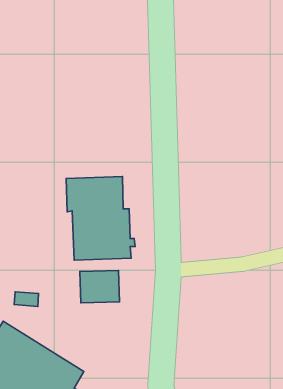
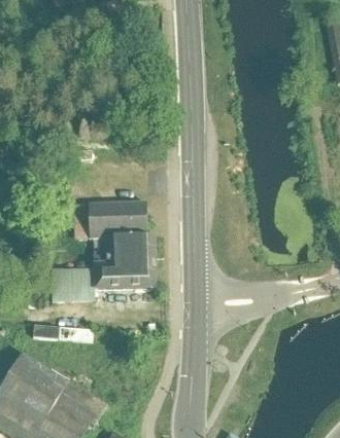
building: [80,270,119,303] -> [48,264,90,298]

